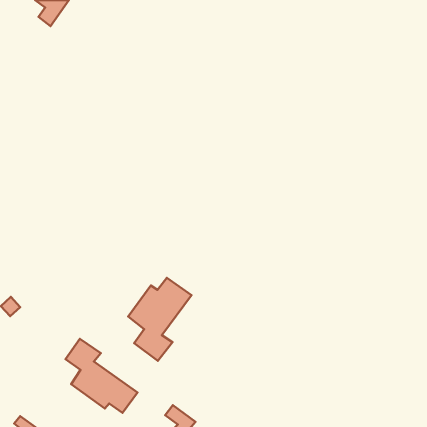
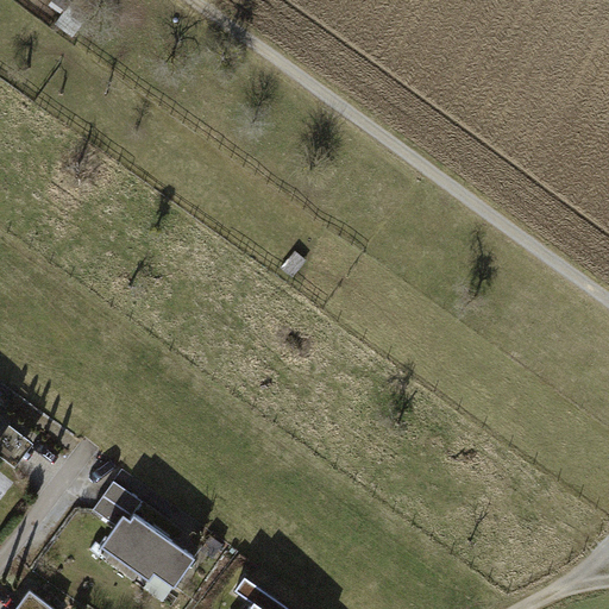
building: [128,278,191,361] -> none

